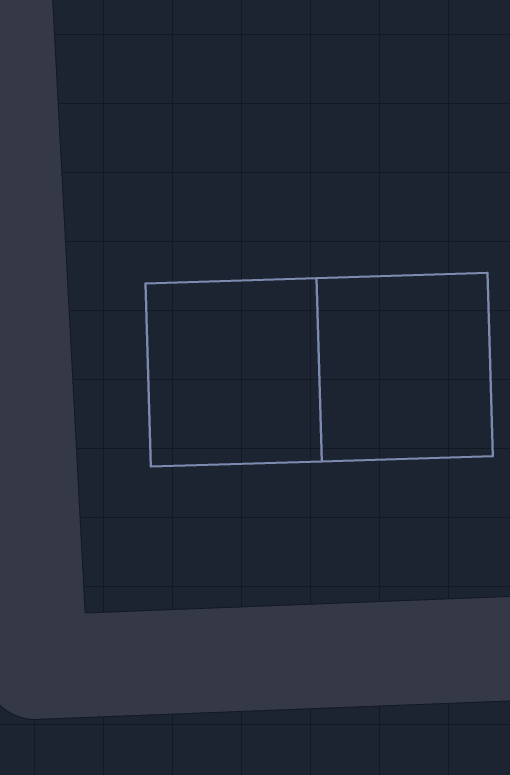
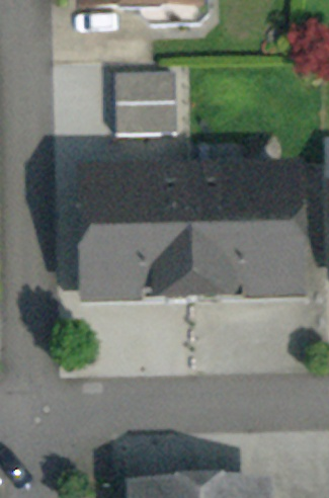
building: none -> [113,83,172,146]

